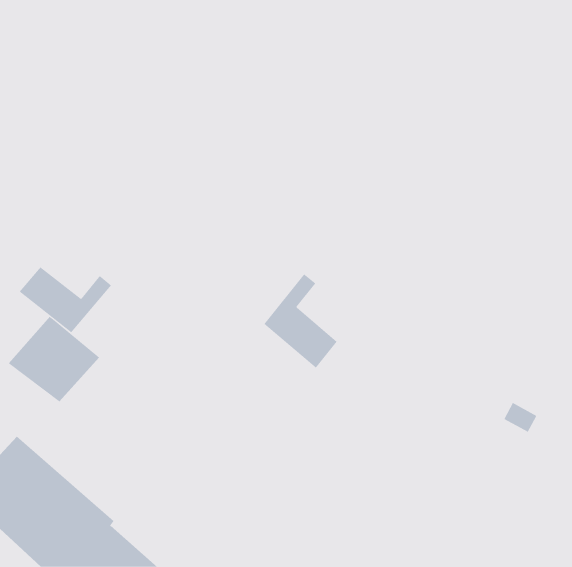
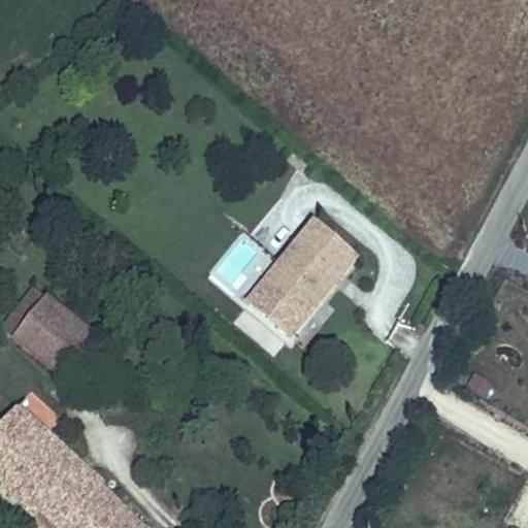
building: none -> [273,212,359,315]
building: [19,266,112,333] -> none

